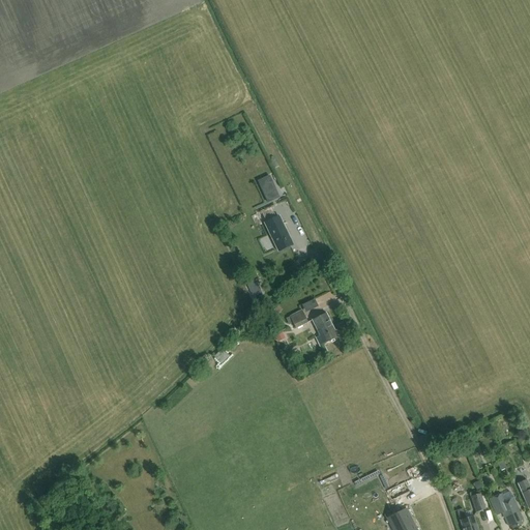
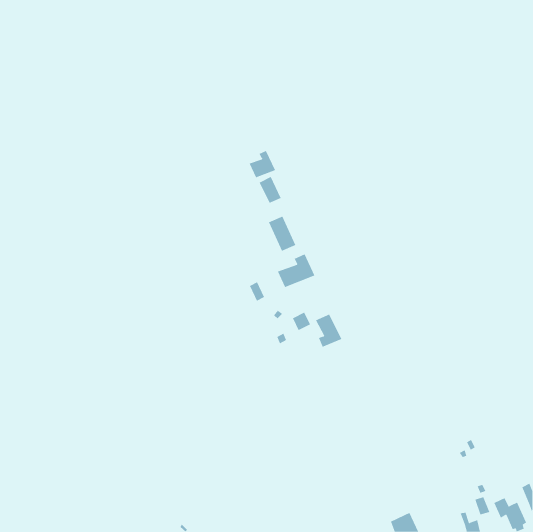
building: none -> [249,150,276,178]
building: none -> [277,253,315,288]

